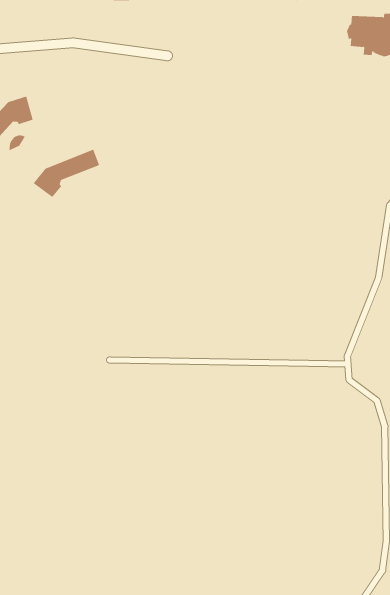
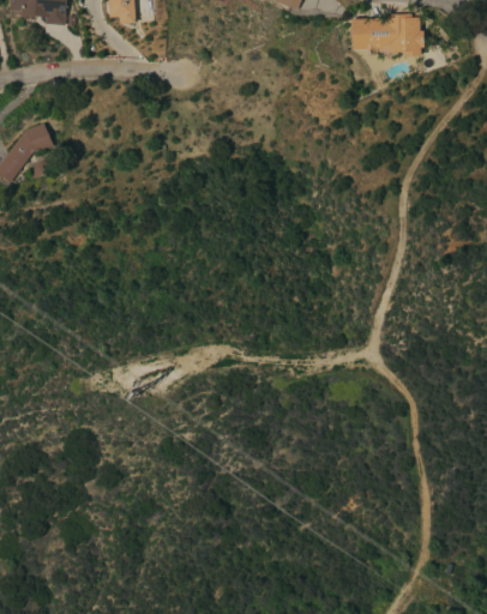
building: [33,149,100,198] -> none

